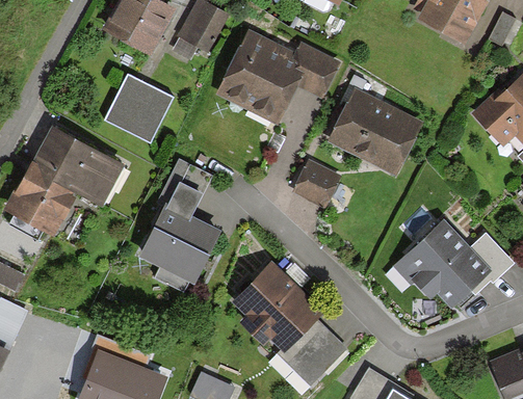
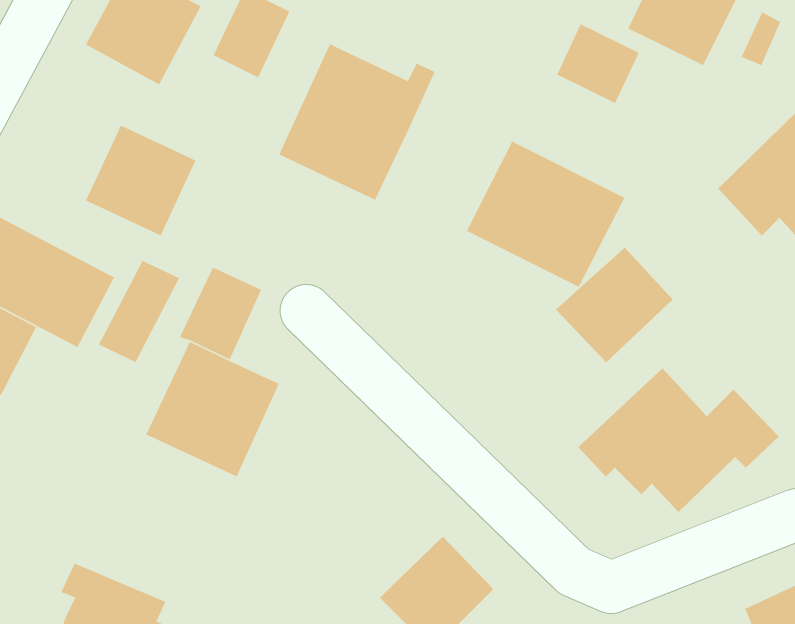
building: none -> [556,23,640,104]
building: [293,46,337,95] -> none
building: none -> [555,247,674,363]
building: none -> [98,260,180,363]
building: [292,162,337,208] -> none
building: [233,264,320,349] -> none

